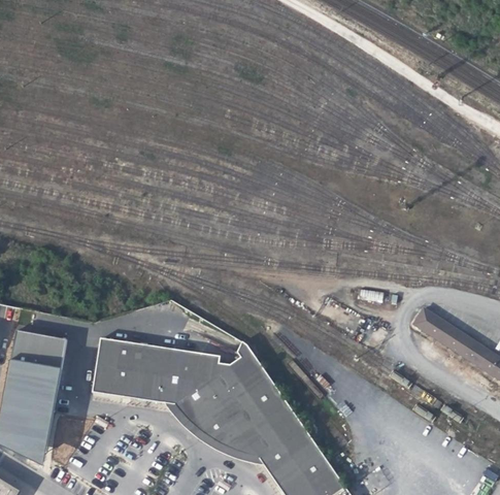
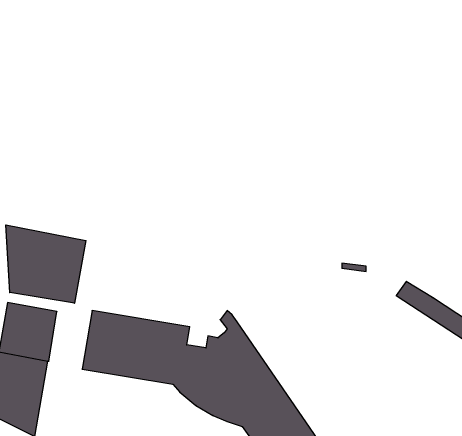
building: none -> [6,225,86,303]
building: [199,355,222,376] -> none

